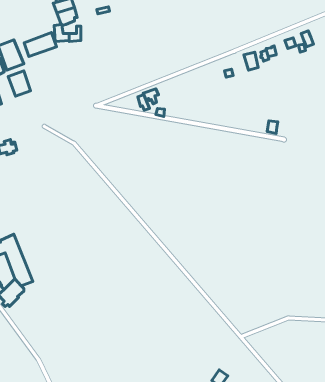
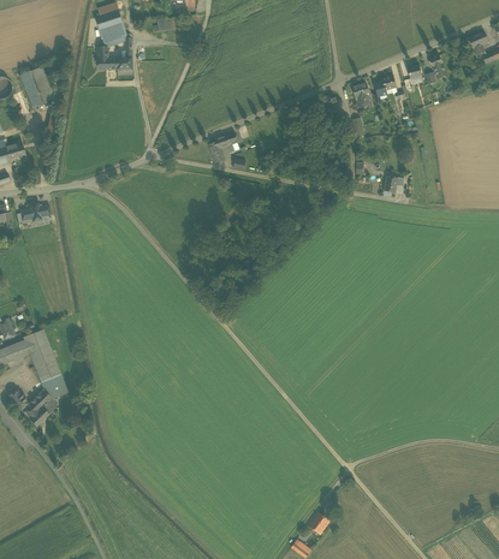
building: [24,33,57,56] -> none
building: [8,71,30,96] -> none

